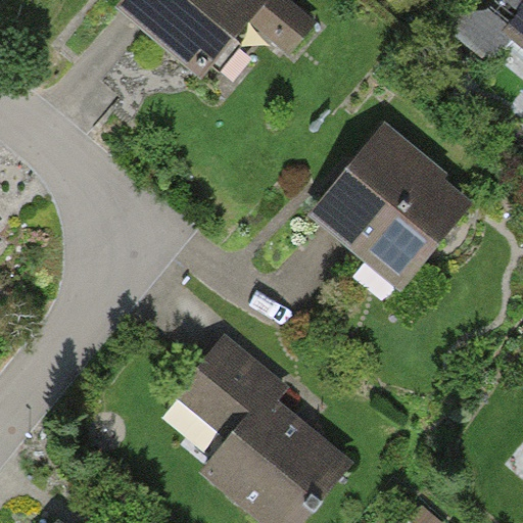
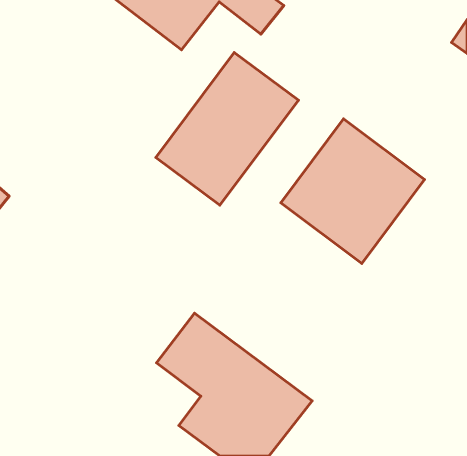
building: none -> [156,52,298,205]

